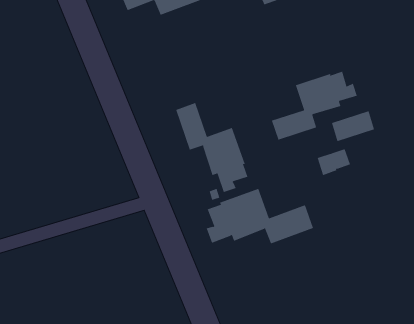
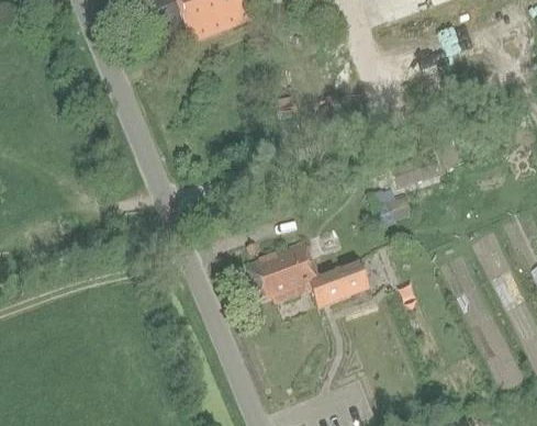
building: [271,71,357,140] -> none
building: [175,102,248,193] -> none

